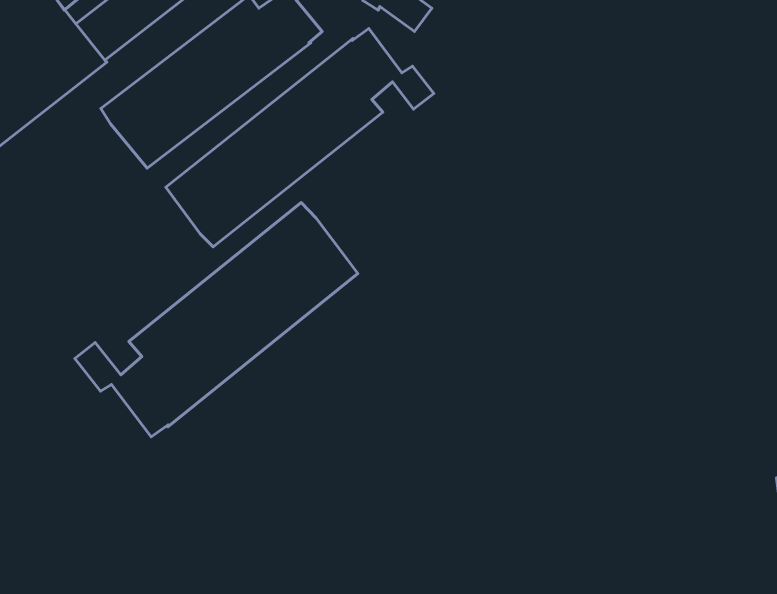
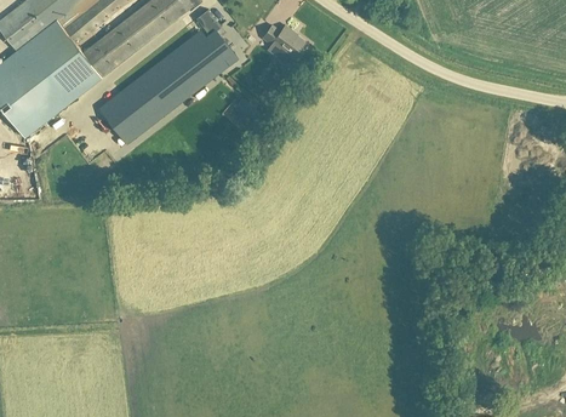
building: [166,29,434,247] -> none
building: [75,202,358,437] -> none

